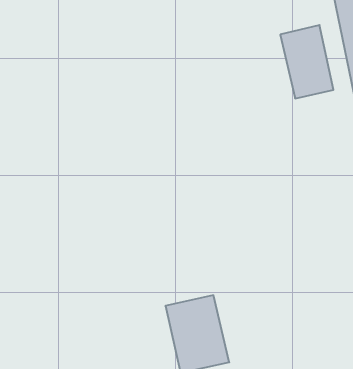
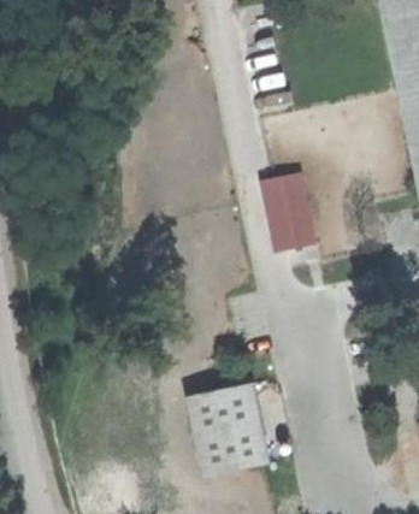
building: [280,25,333,98] -> [262,170,323,253]

